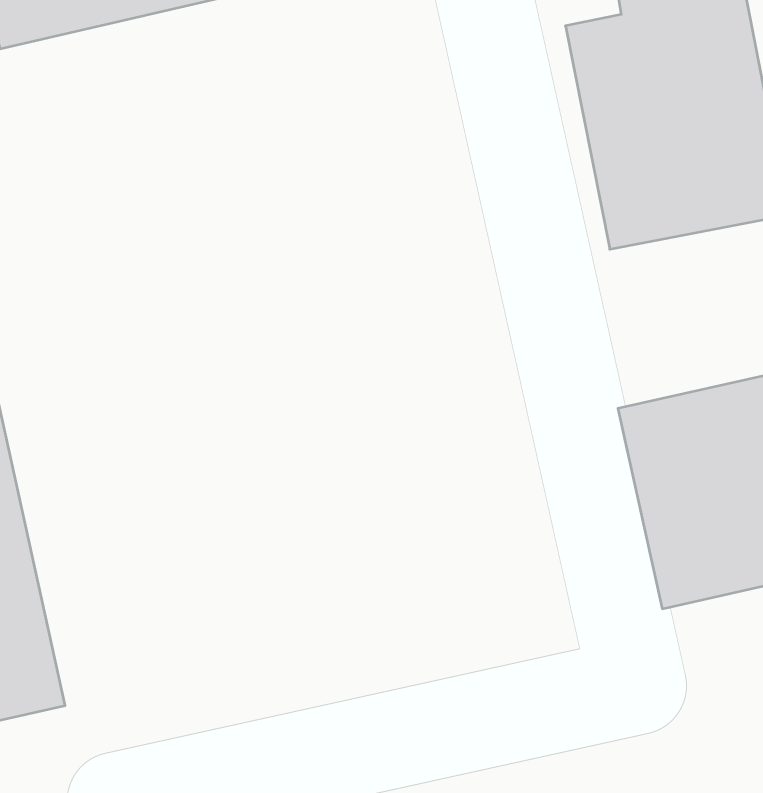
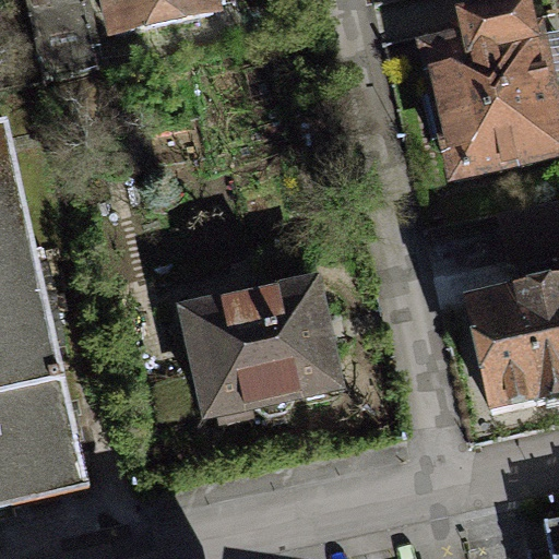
building: none -> [181,270,352,411]

